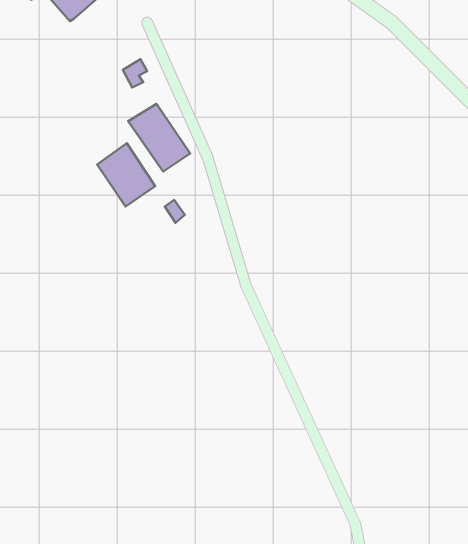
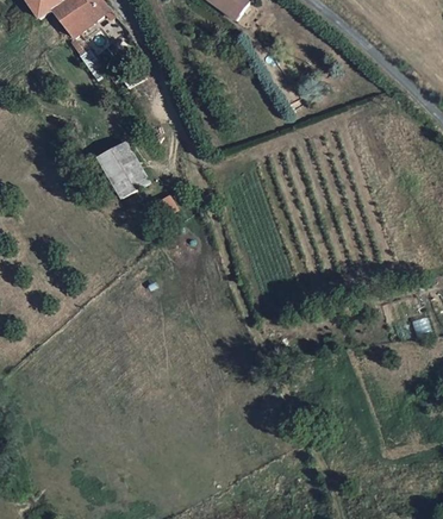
building: [128,104,190,172] -> none

